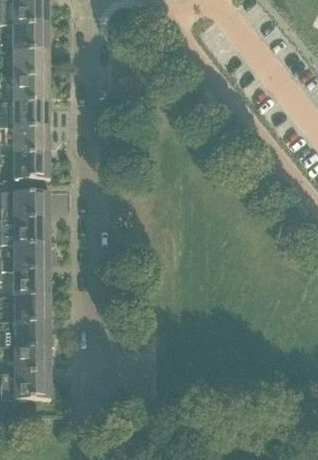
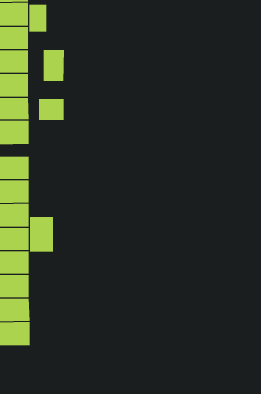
building: none -> [29,4,47,33]
building: none -> [43,49,65,82]
building: none -> [39,98,64,121]
building: none -> [30,216,53,253]

